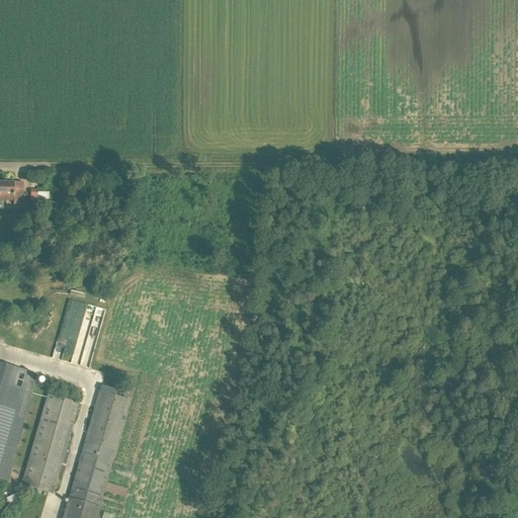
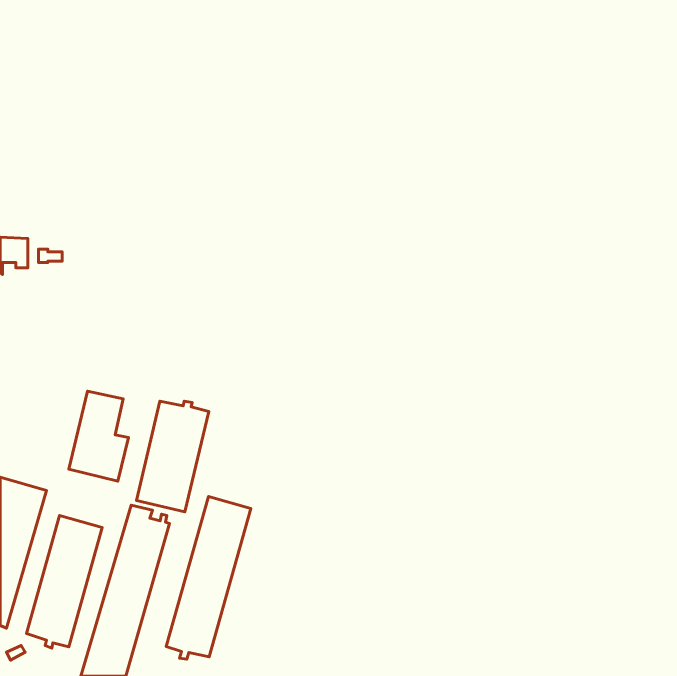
building: none -> [136,401,209,512]
building: none -> [166,497,251,659]

